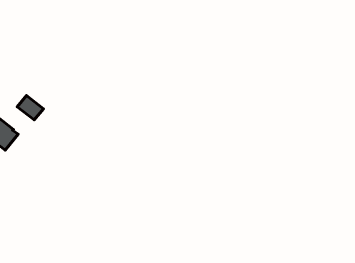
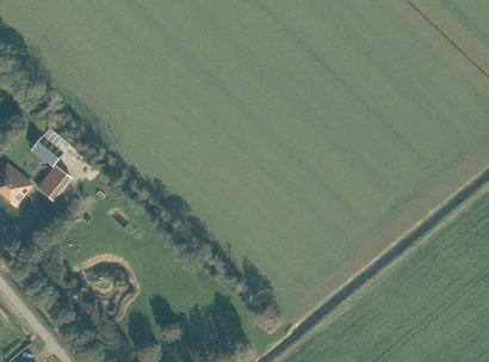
building: none -> [37,164,73,200]

